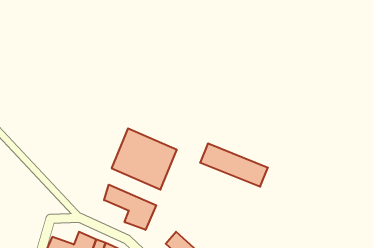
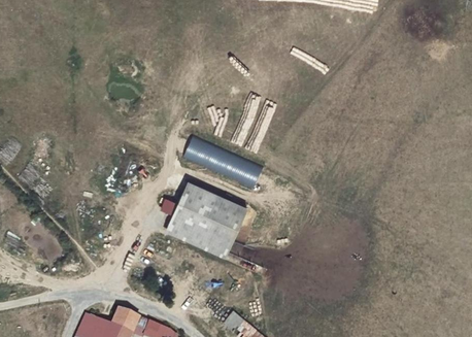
building: [200,144,268,187] -> [183,133,265,184]
building: [104,185,156,230] -> none

